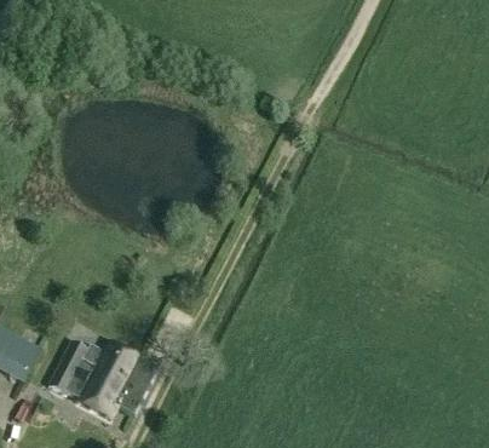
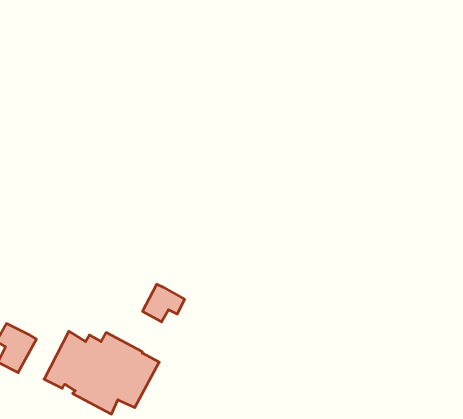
building: none -> [143,284,184,322]

